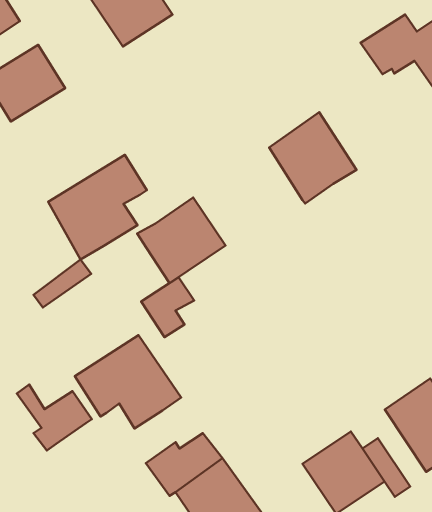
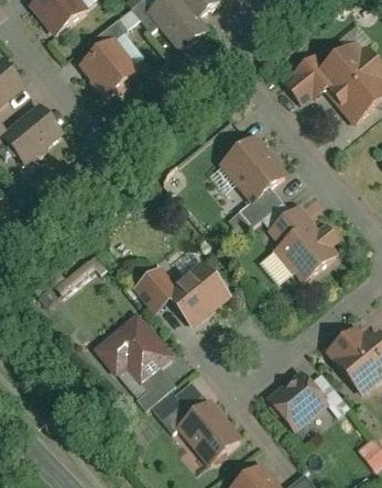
building: [48,155,147,260] -> none
building: none -> [238,186,282,225]
building: [137,197,225,283] -> [161,260,228,326]
building: none -> [271,206,341,280]
building: [17,384,92,450] -> [116,365,174,413]

